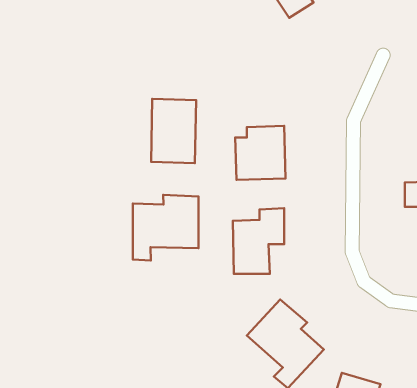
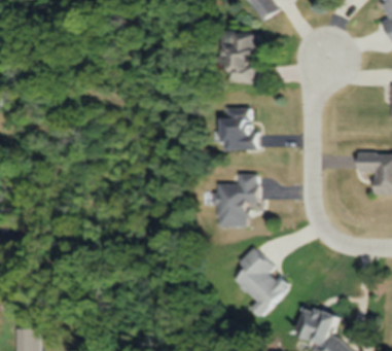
building: [151,99,196,163] -> [221,32,257,83]
building: [133,195,199,261] -> none

